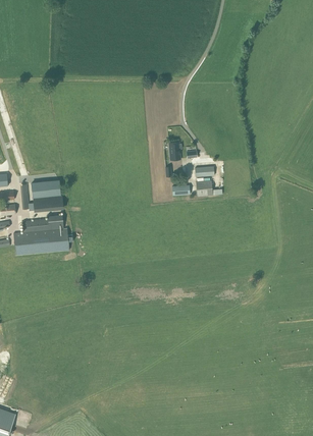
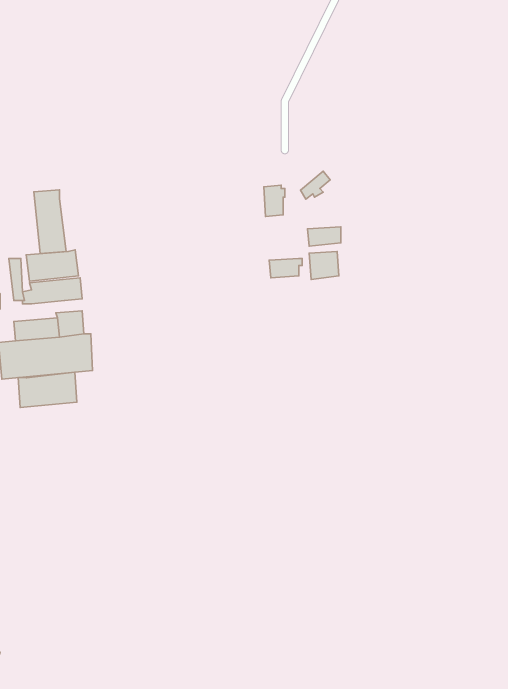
building: none -> [34,190,66,254]
building: none -> [18,372,77,408]

